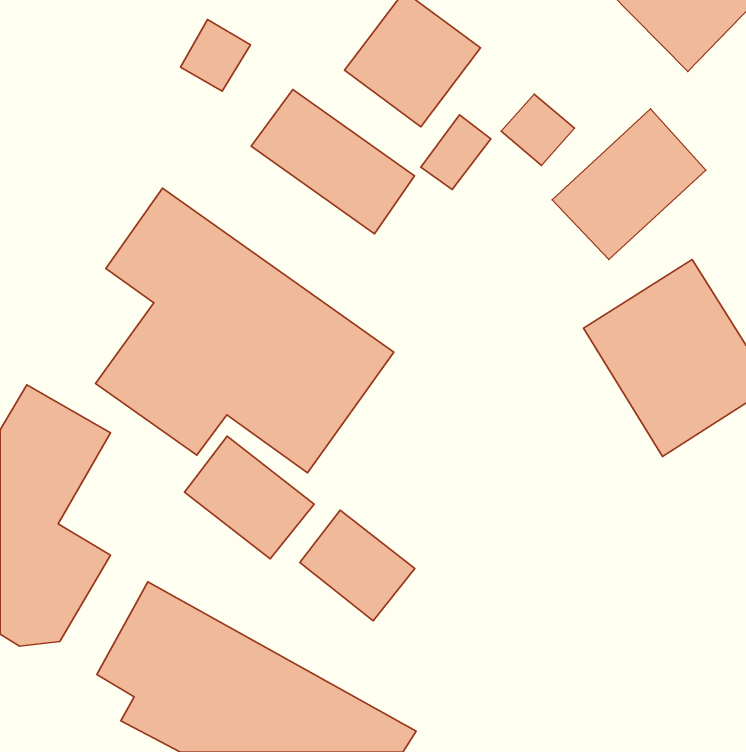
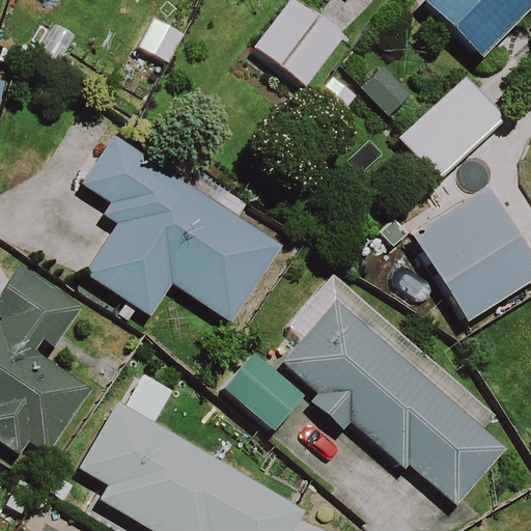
building: [251,90,414,234] -> none
building: none -> [279,301,502,511]
building: [184,436,314,559] -> none

